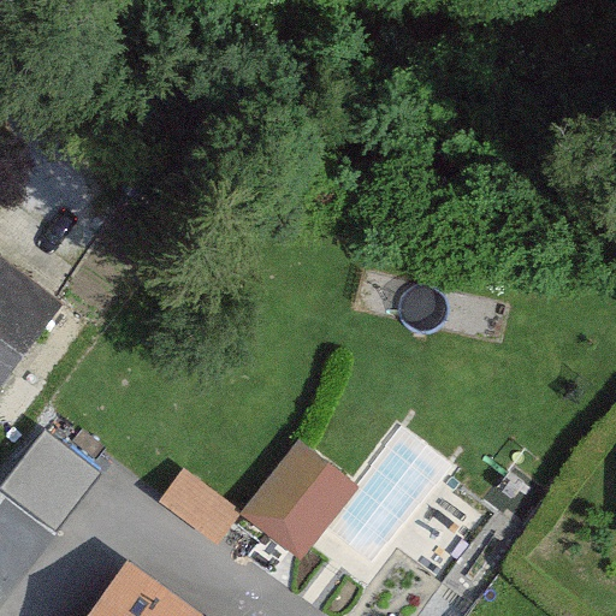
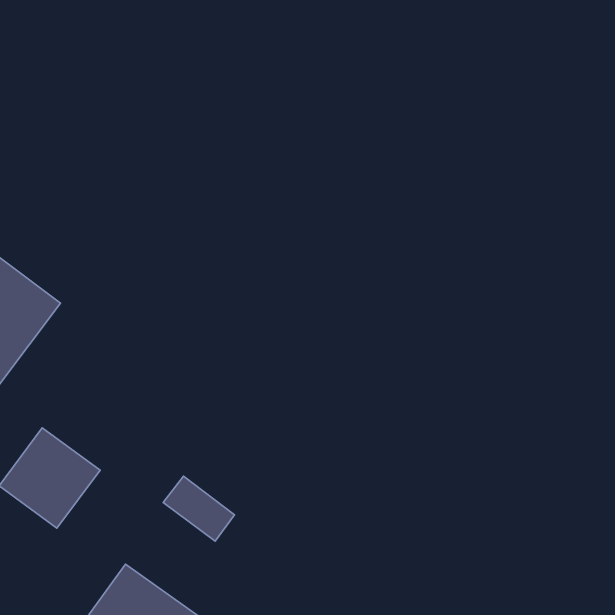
building: [247,450,349,555] -> none

